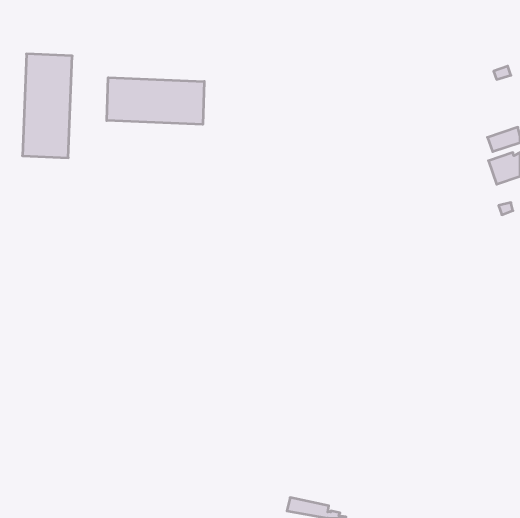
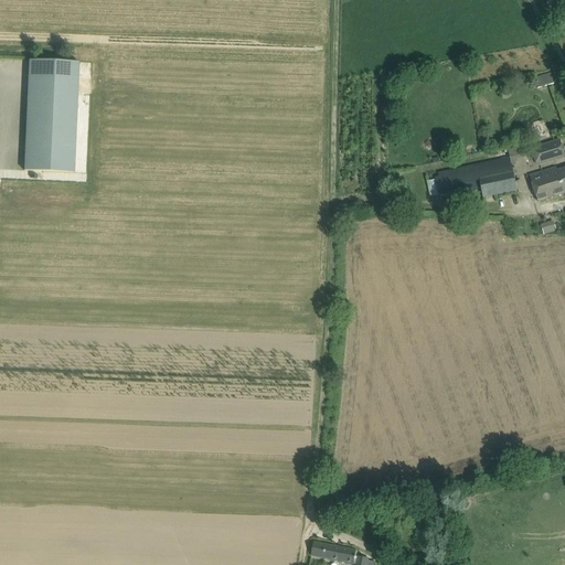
building: [107,78,204,124] -> none
building: none -> [435,143,525,195]

